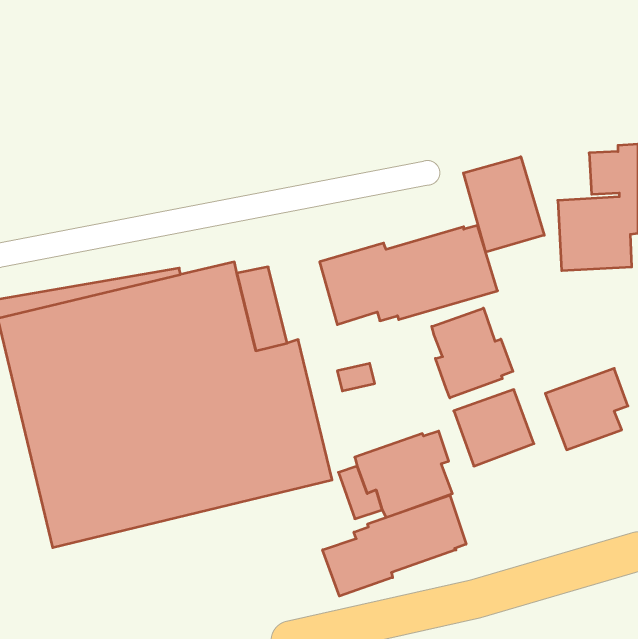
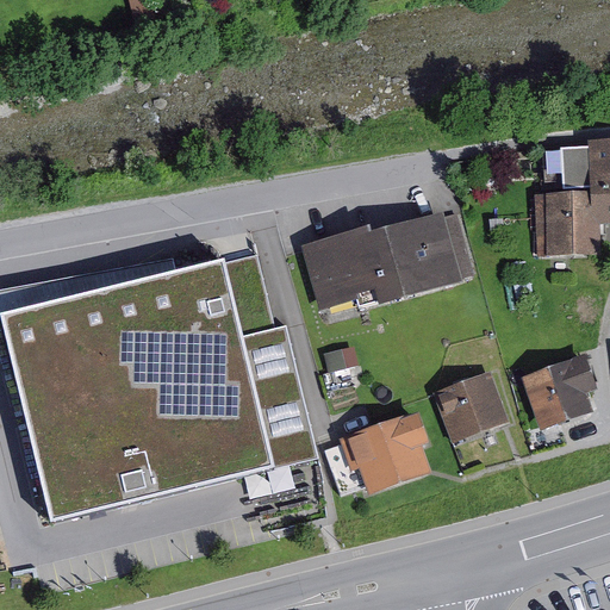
building: [463,157,544,252] -> none
building: [432,308,513,398] -> none
building: [323,495,466,596] -> none

